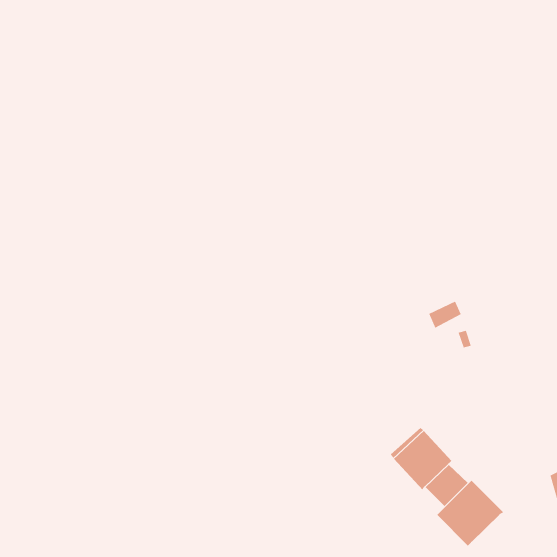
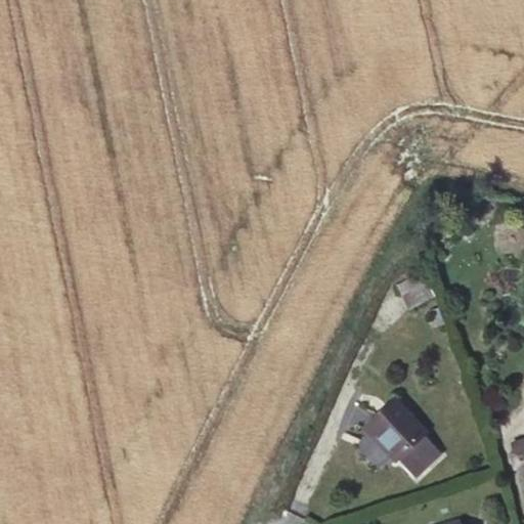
building: [436,480,504,546] -> none

